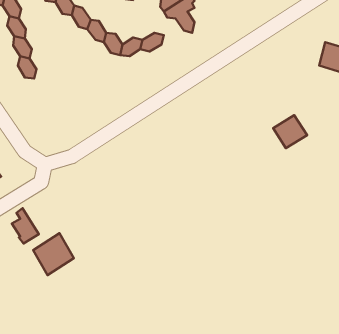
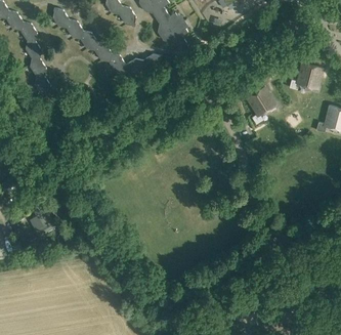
building: [273,115,307,148] -> [246,86,275,115]
building: [33,233,74,275] -> none

